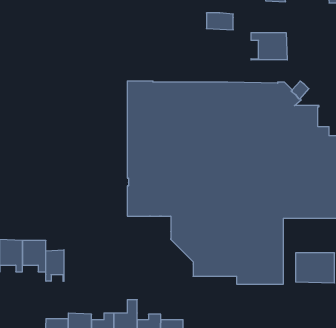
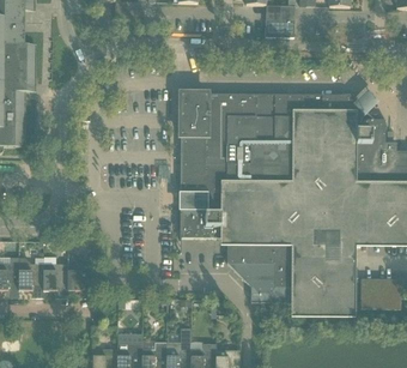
building: [251,33,287,60] -> none
building: [46,250,64,281] -> none

